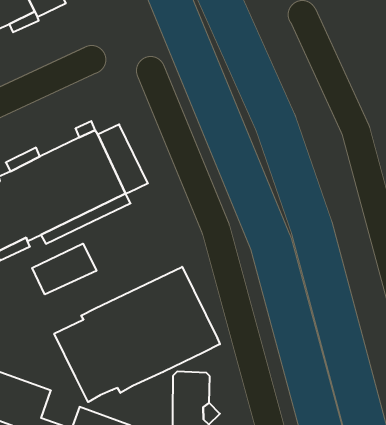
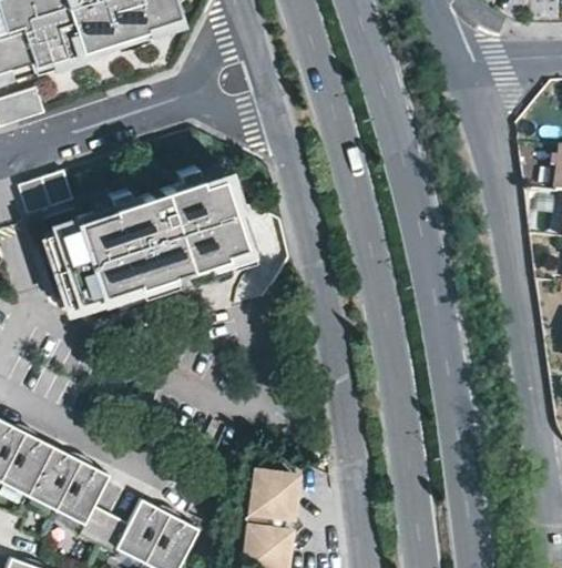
building: [32,244,96,294] -> none
building: [54,267,220,402] -> none

